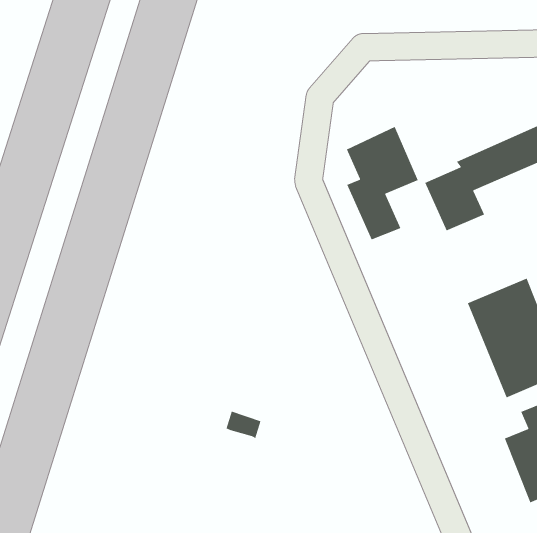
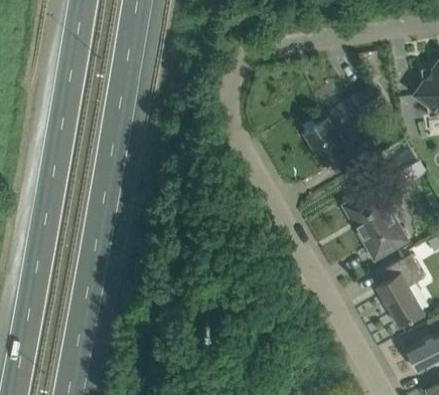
building: [346,126,419,241] -> none

